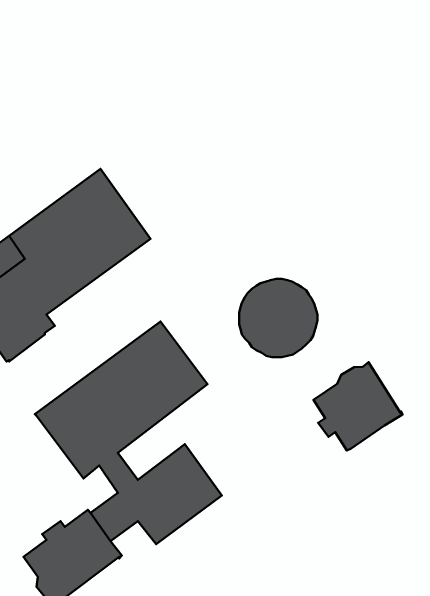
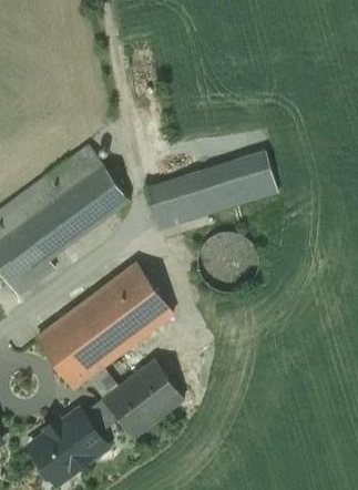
building: none -> [144,151,275,226]
building: [314,362,402,451] -> none

